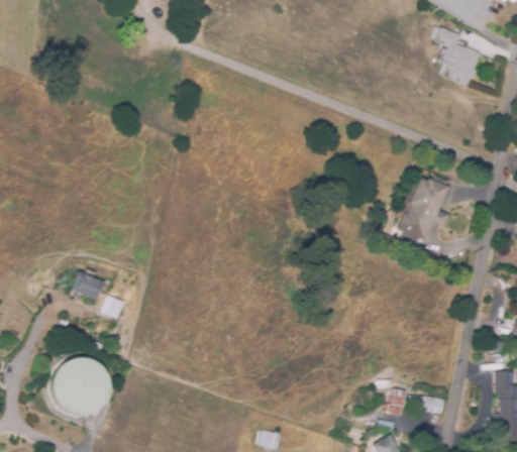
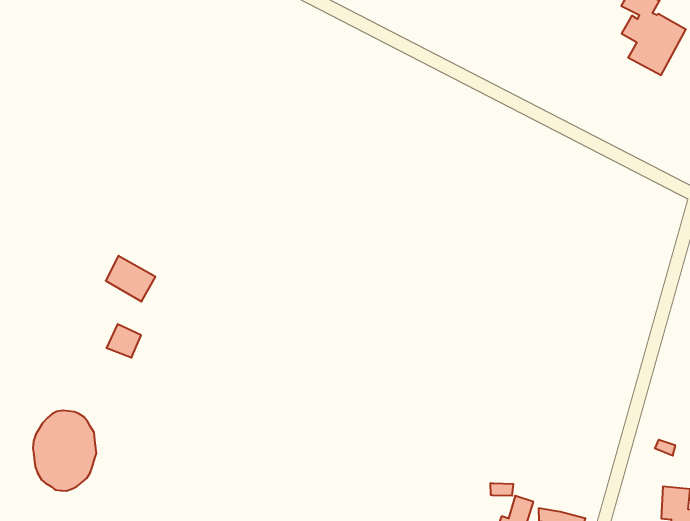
building: [397,175,449,240] -> none
building: [70,270,104,301] -> [106,256,155,302]

